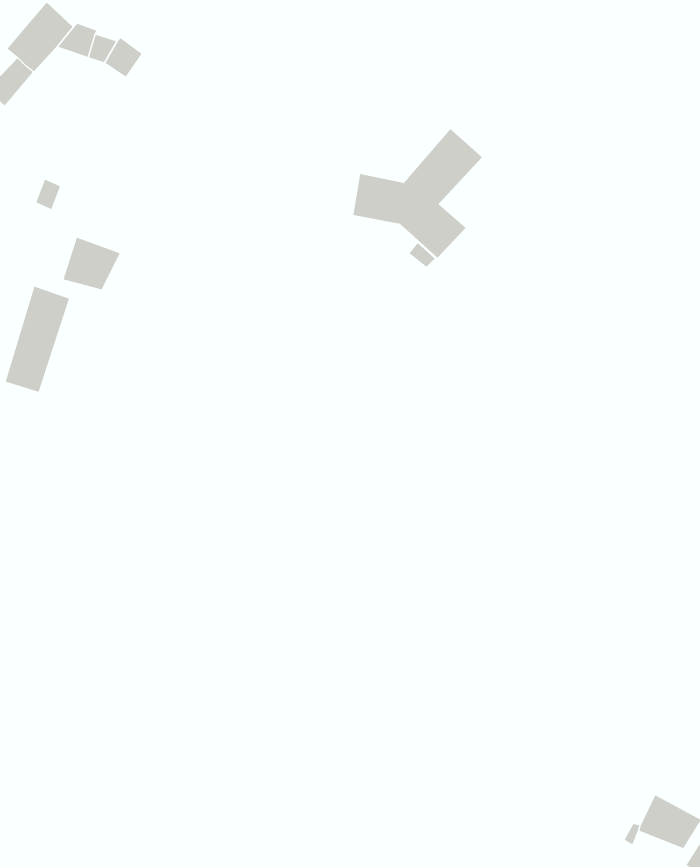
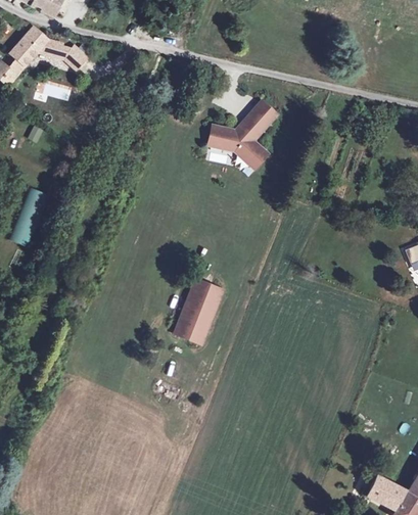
building: [63,237,120,290] -> none
building: none -> [173,277,224,345]

